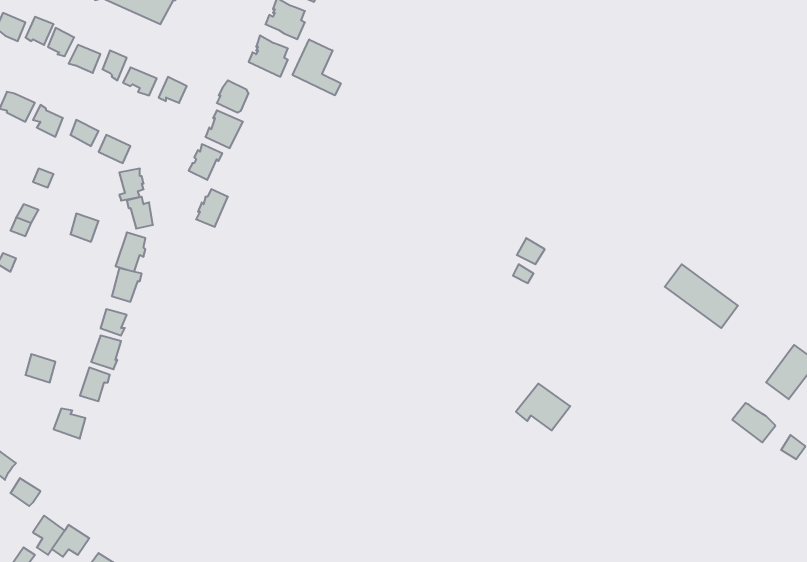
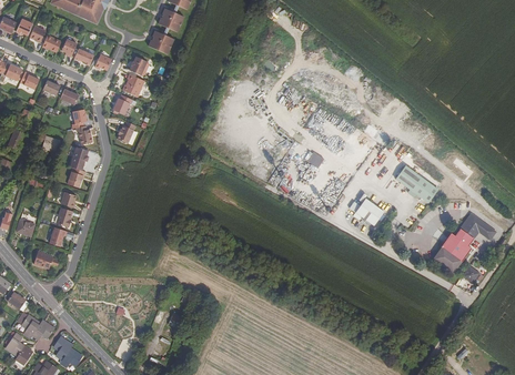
building: [293,39,341,95] -> none
building: [516,384,570,430] -> [353,196,385,224]

